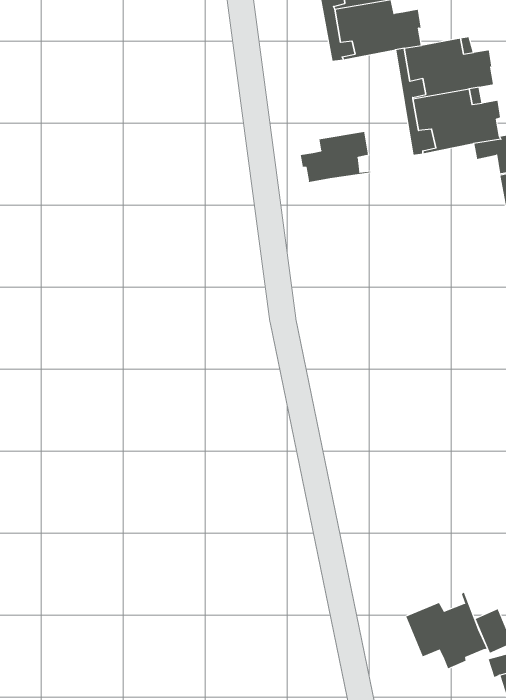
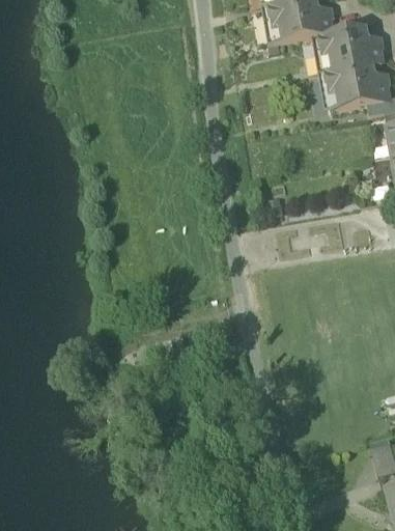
building: [300,131,371,183] -> none
building: [405,592,488,669] -> none

